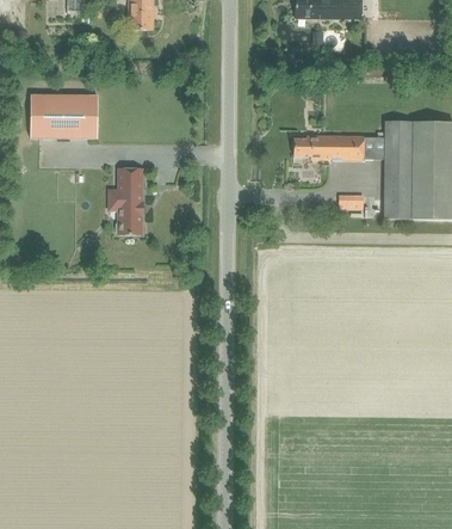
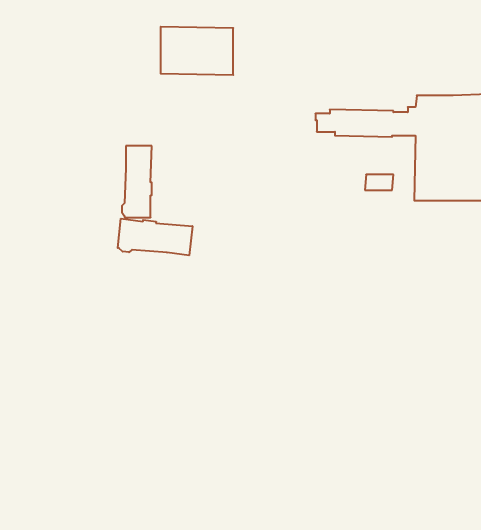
building: [30,94,97,139] -> [161,27,233,75]
building: none -> [118,219,192,255]

